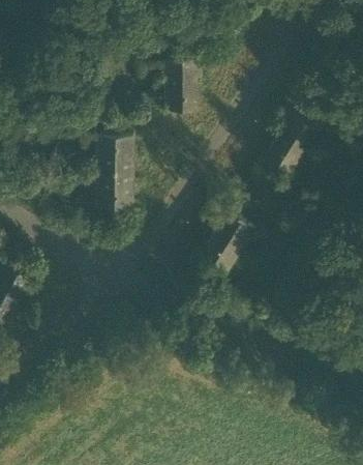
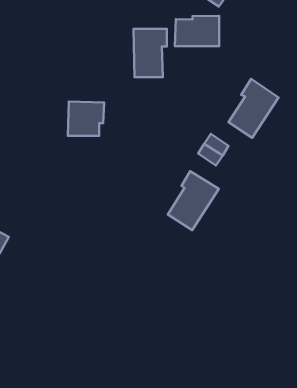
building: none -> [175,16,219,46]
building: [103,176,141,212] -> none

